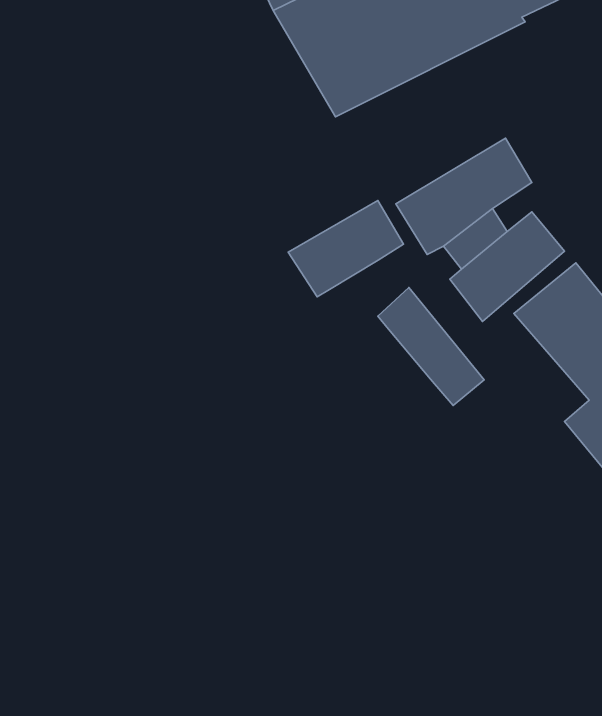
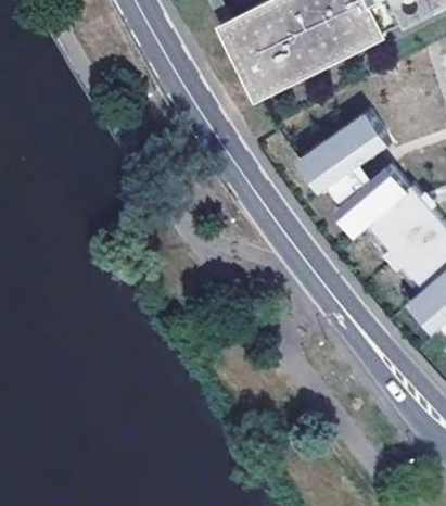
building: [288,201,404,297] -> none
building: [378,287,484,406] -> none

